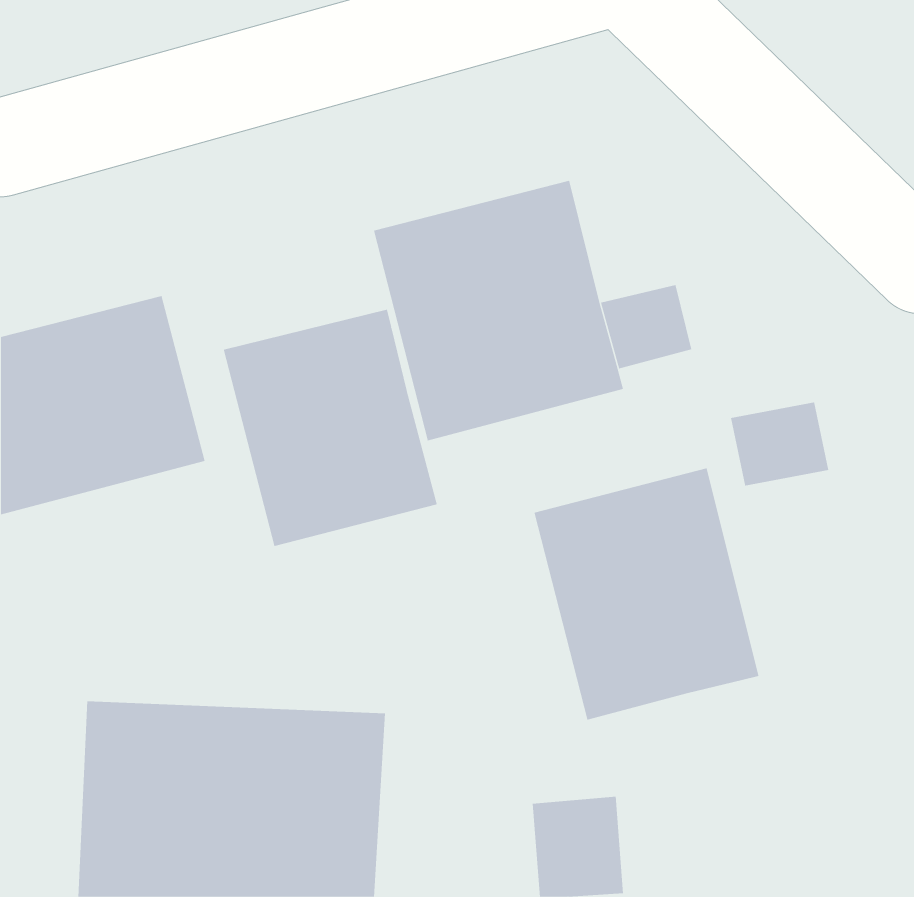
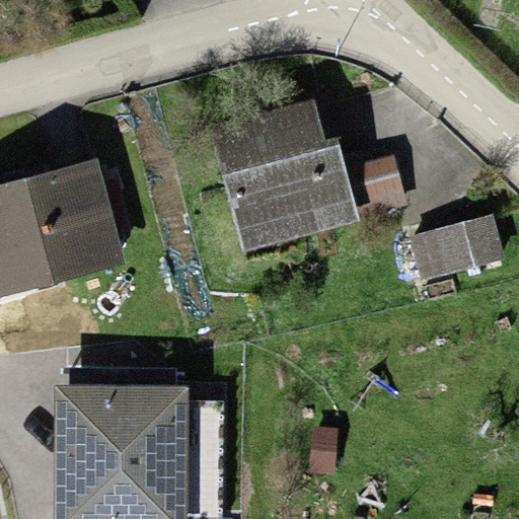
building: [223,309,437,547] -> none
building: [534,468,759,720] -> none

